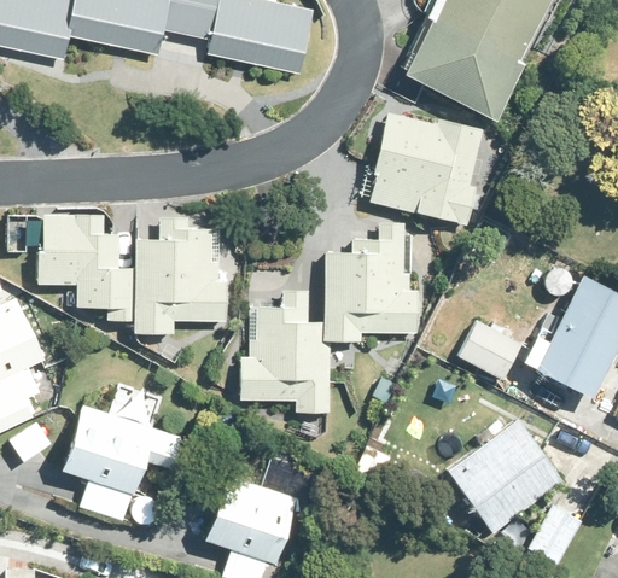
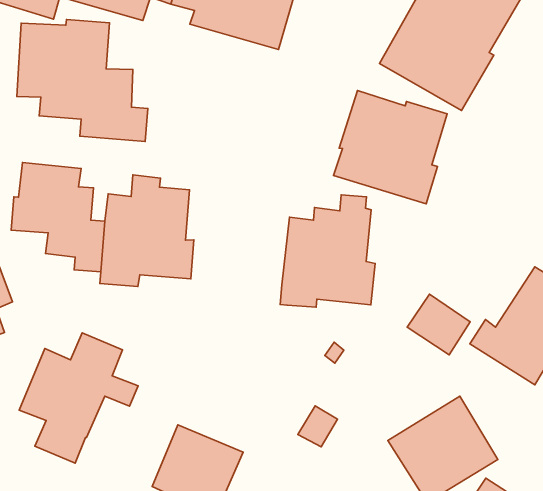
building: none -> [17,19,148,141]
building: [239,290,331,411] -> none

